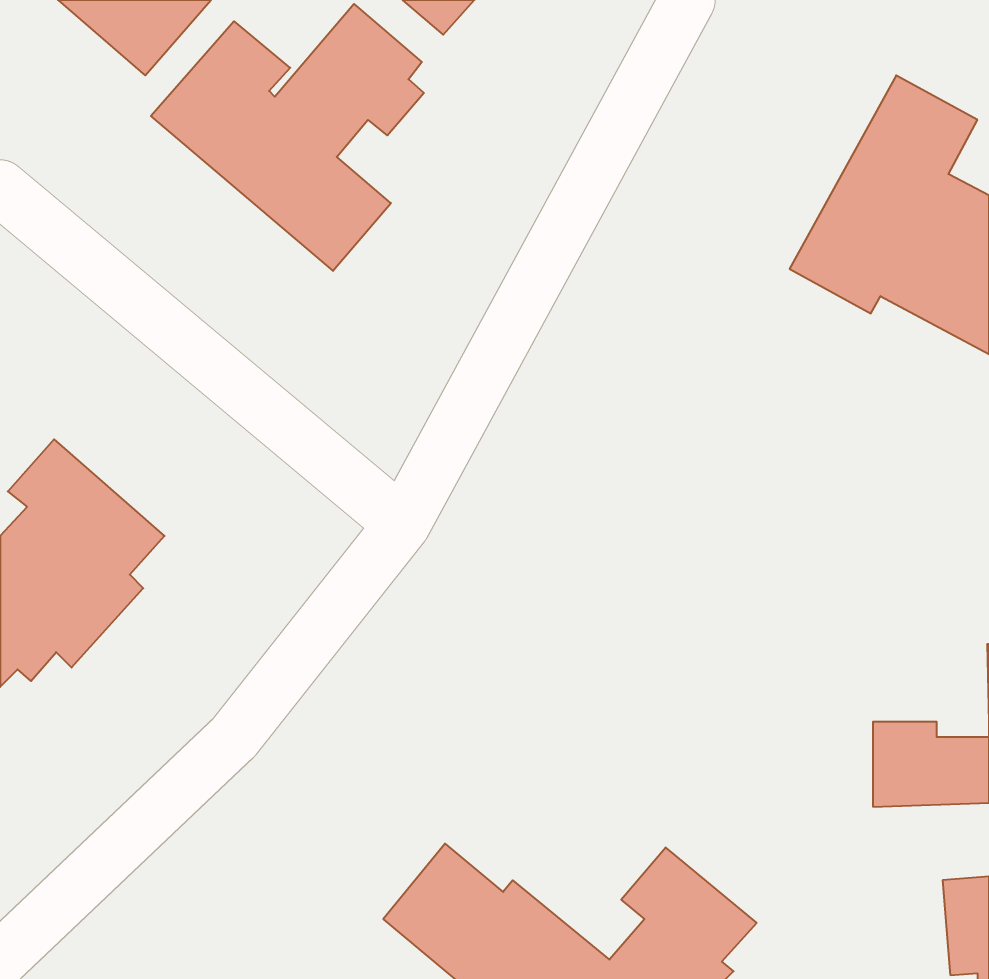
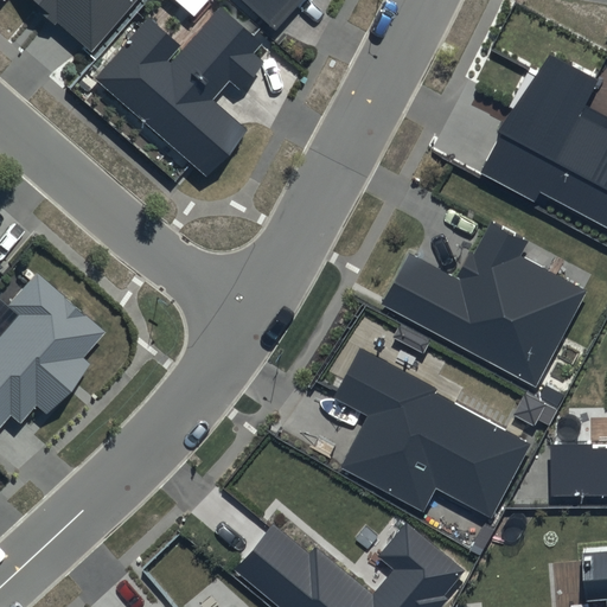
building: none -> [383,222,587,384]
building: none -> [334,350,532,517]

